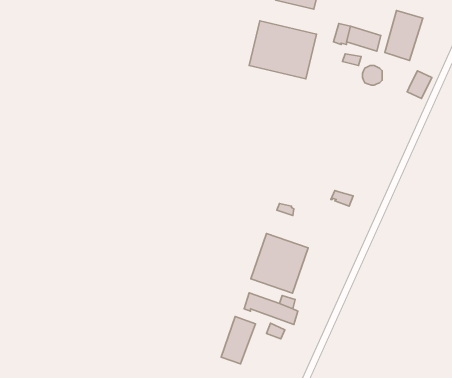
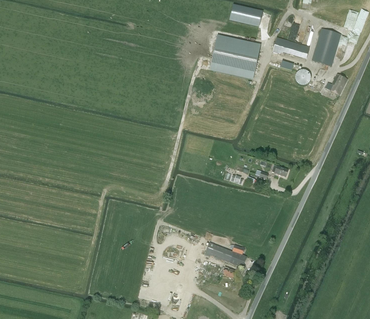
building: [251,233,308,293] -> none
building: [221,317,255,364] -> none

